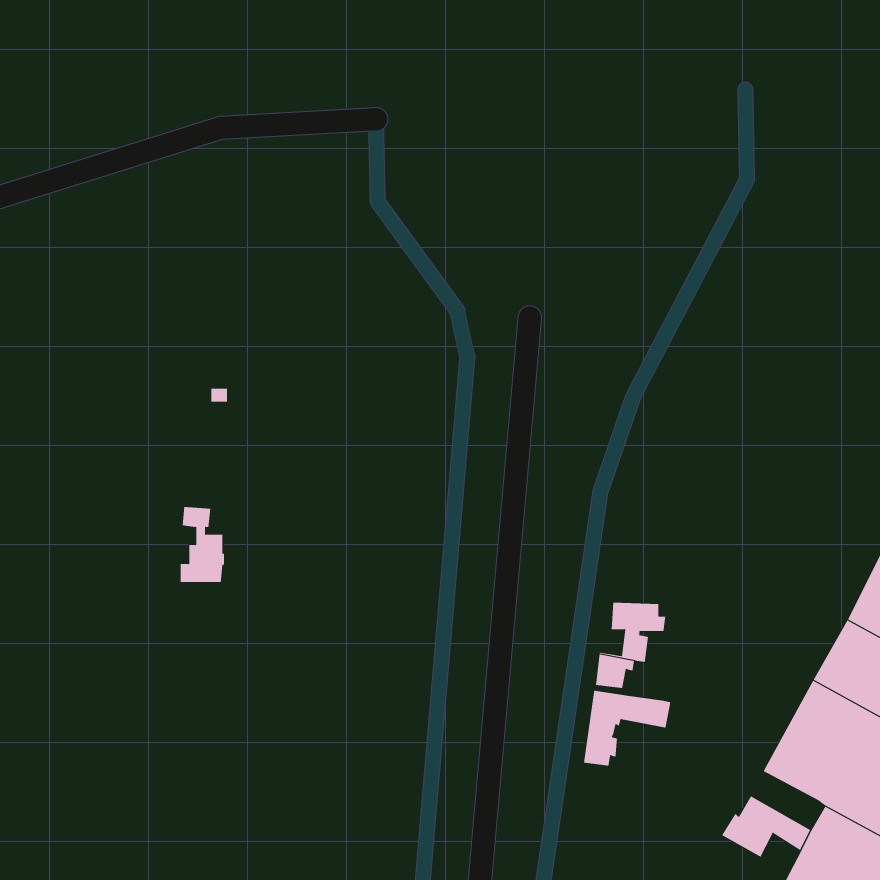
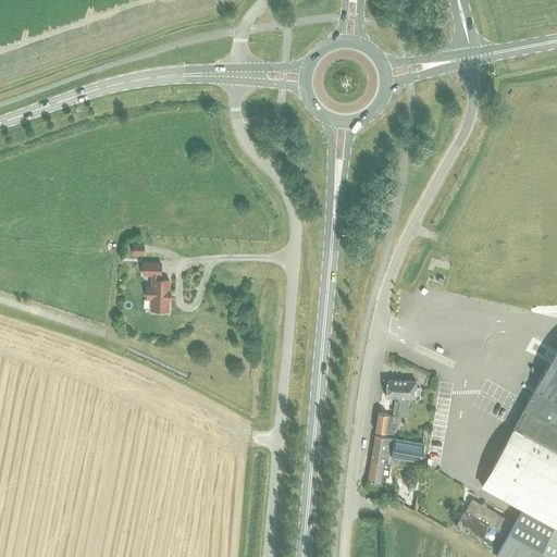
building: [180,507,225,583] -> [143,263,171,311]

